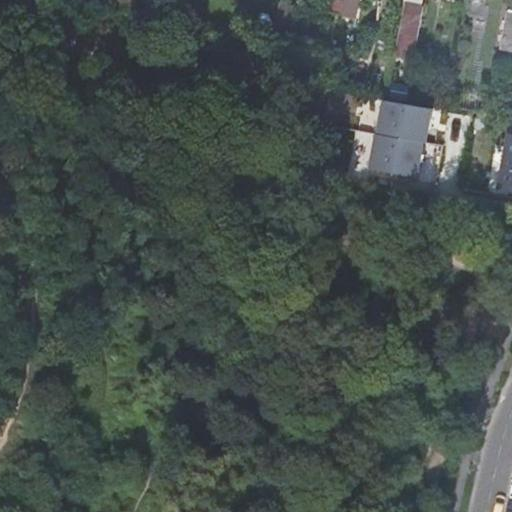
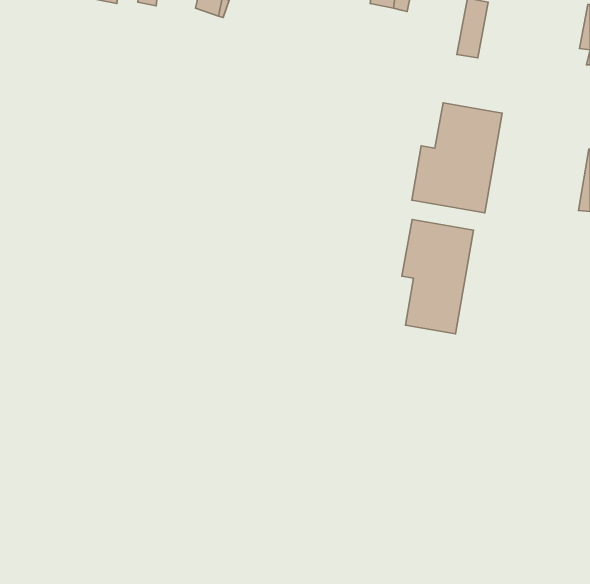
building: none -> [402,219,474,334]

